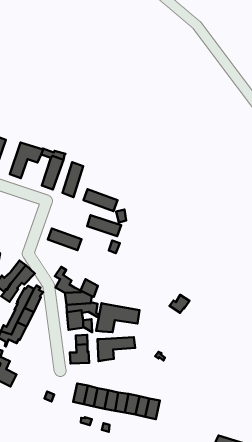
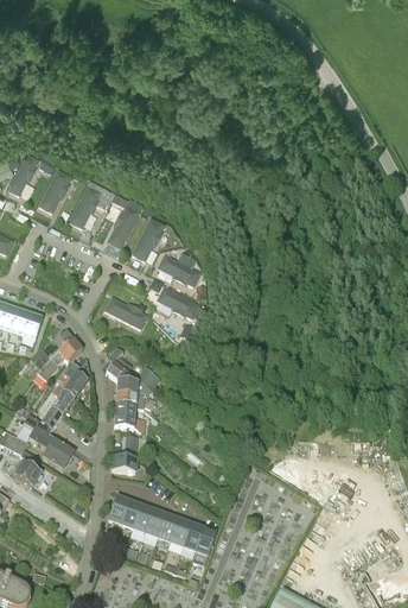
building: [96,303,140,332] -> none
building: [97,337,135,361] -> none
building: none -> [33,429,74,468]

